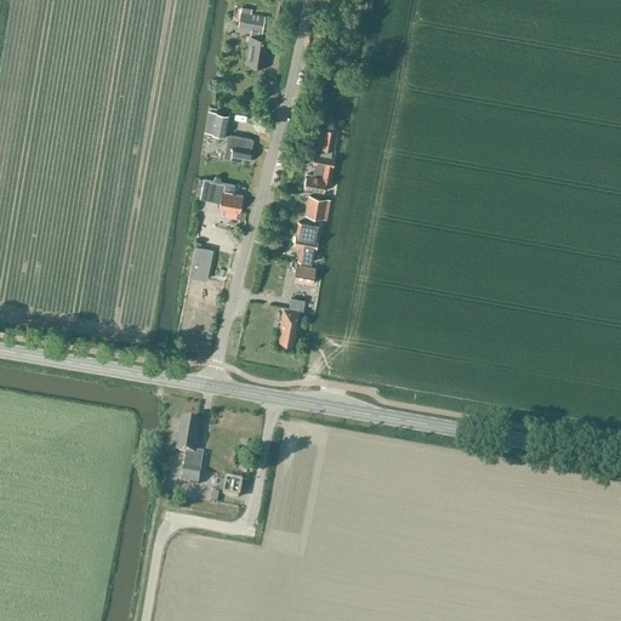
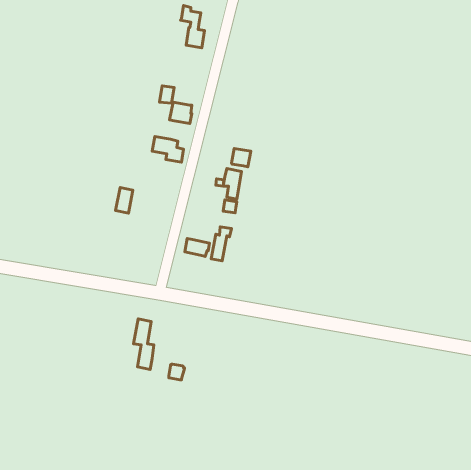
building: [303,129,336,193] -> none
building: [189,247,212,281] -> [115,187,133,213]
building: none -> [185,238,210,257]

